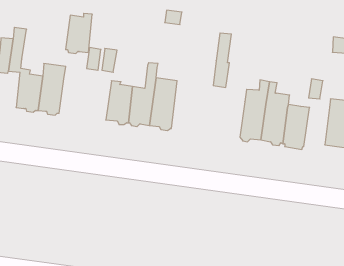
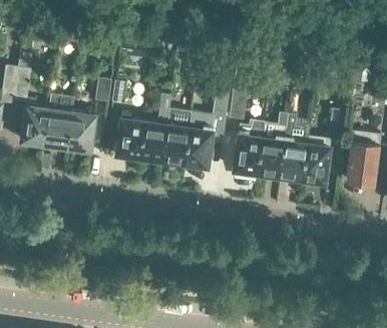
building: [66,13,92,53] -> [67,111,95,153]
building: none -> [185,82,231,170]
building: none -> [235,121,265,178]

